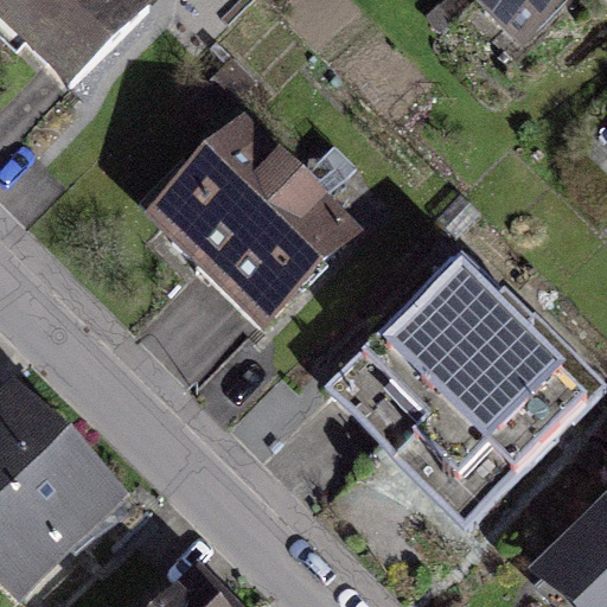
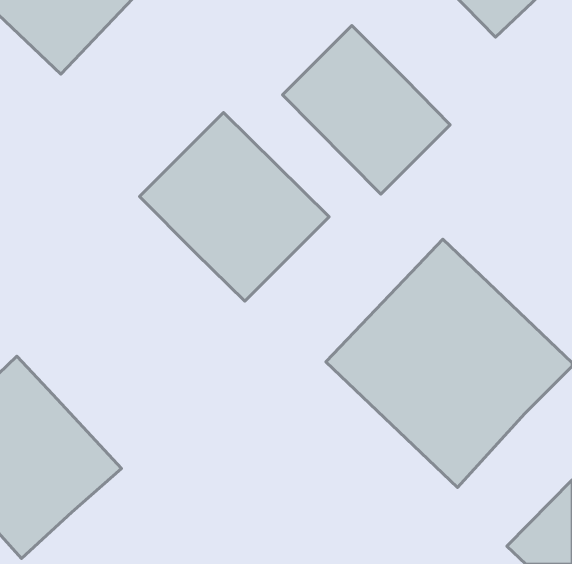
building: none -> [283,26,450,194]

